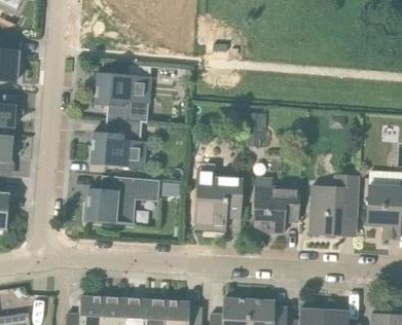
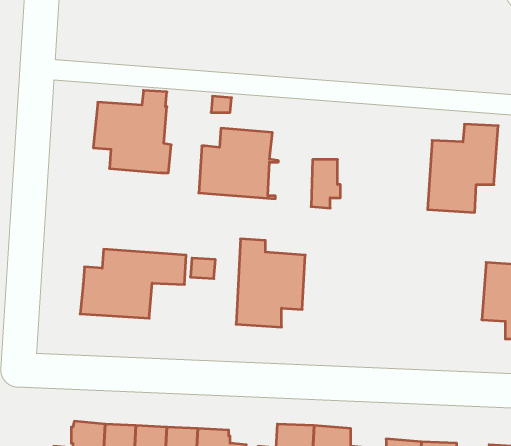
building: [90,119,146,169] -> [199,128,278,199]
building: [309,175,359,237] -> [428,124,498,212]
building: [253,179,300,233] -> none

